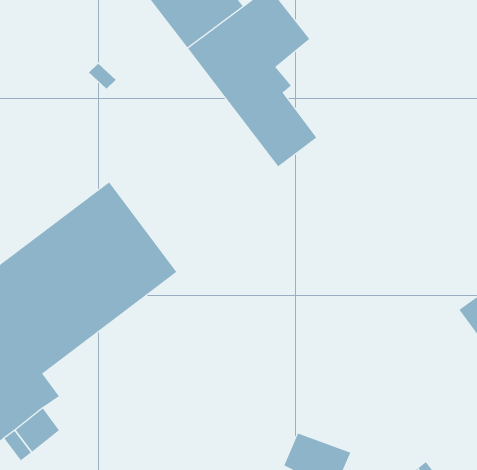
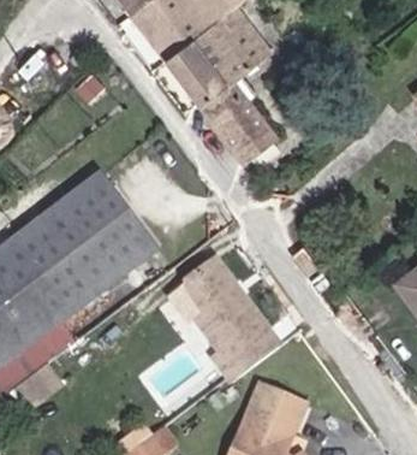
building: none -> [190,266,278,382]

